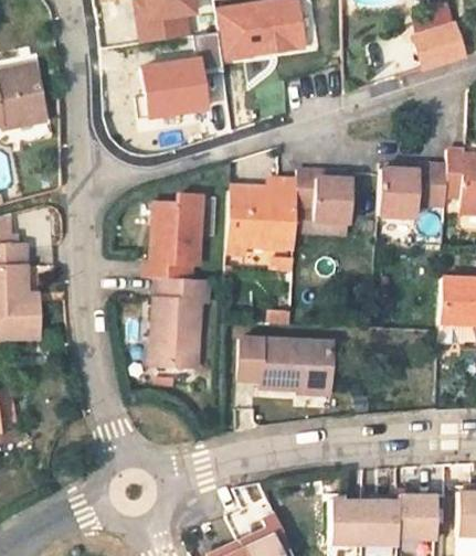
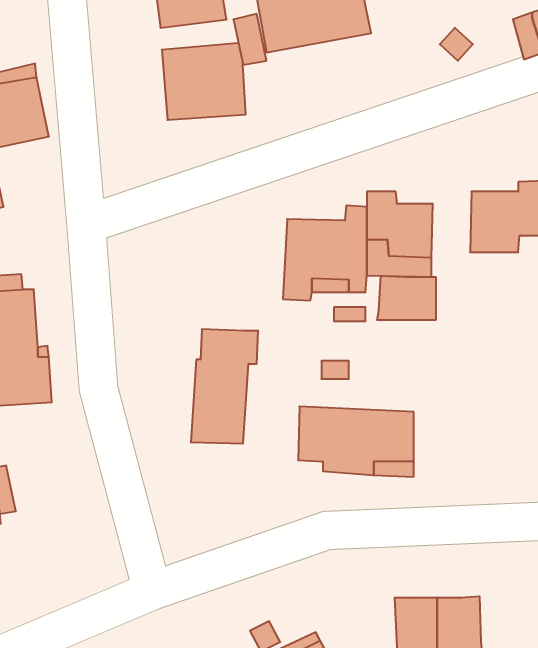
building: [145,196,208,281] -> none
building: none -> [377,276,436,320]
building: [389,487,429,531] -> none

